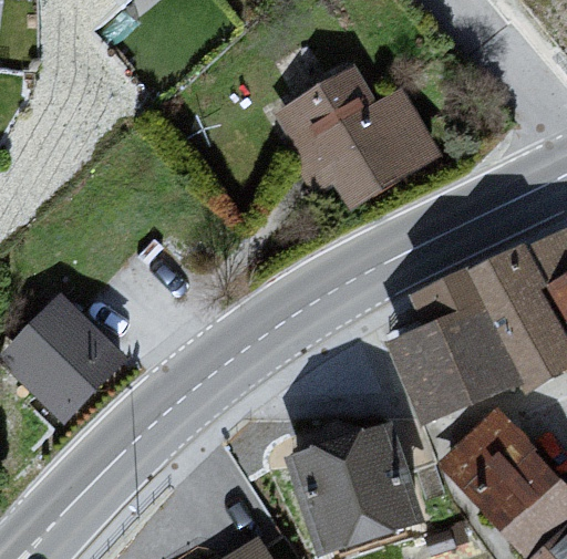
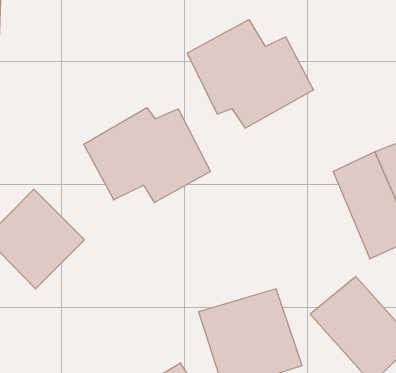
building: none -> [84,108,211,203]
building: [384,267,518,424] -> none

